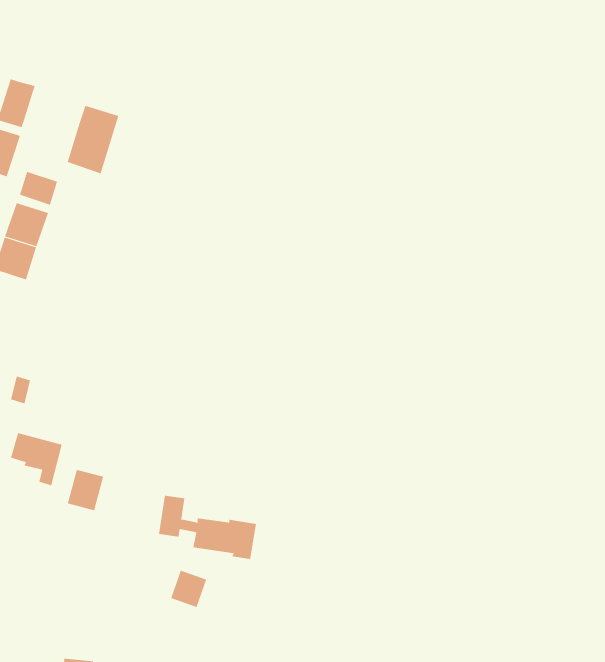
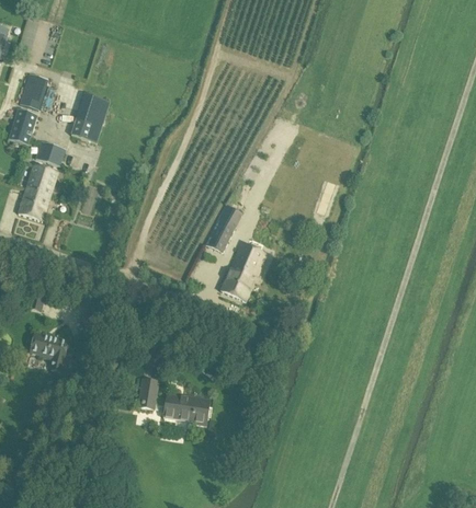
building: none -> [205,204,242,251]
building: none -> [220,242,267,301]
building: [67,469,104,511] -> none
building: [171,570,207,608] -> none

